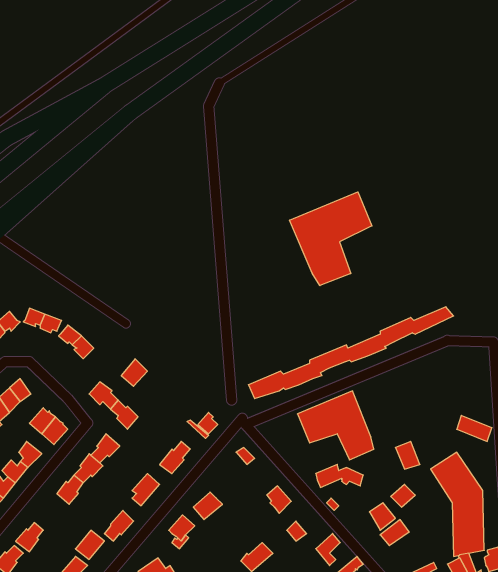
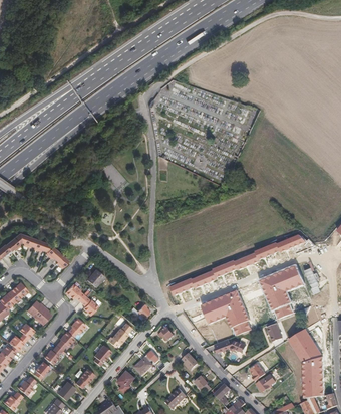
building: [290,192,372,286] -> none
building: none -> [260,264,304,319]

